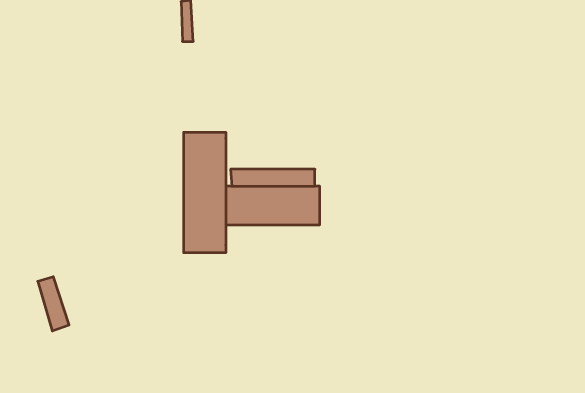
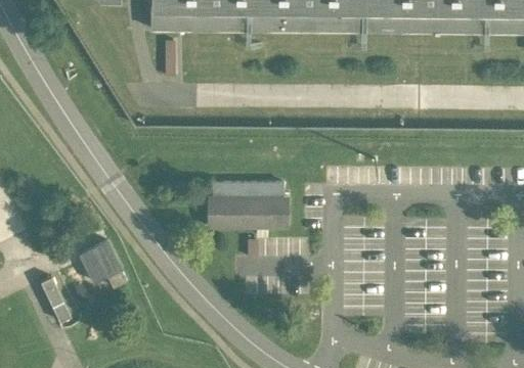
building: [184,132,226,253] -> none
building: none -> [74,239,116,282]

